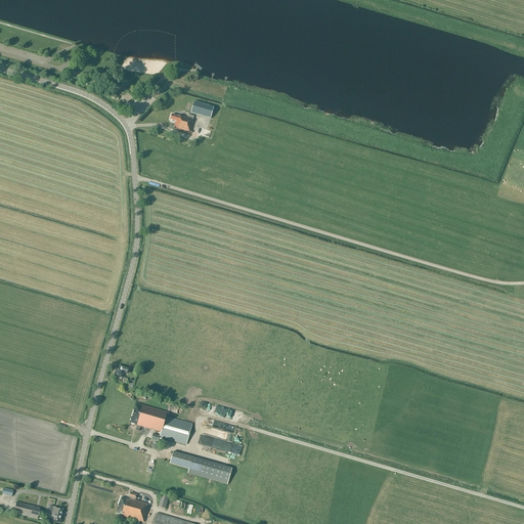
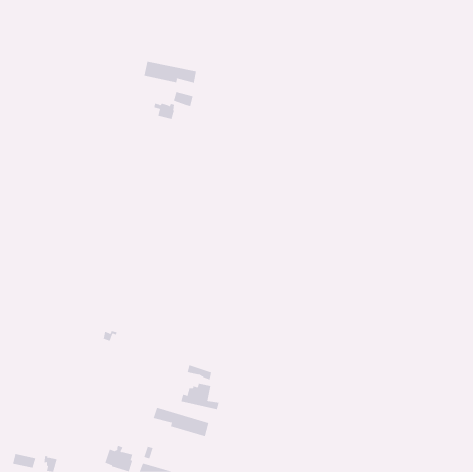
building: none -> [144,61,196,83]
building: [130,403,191,443] -> none

